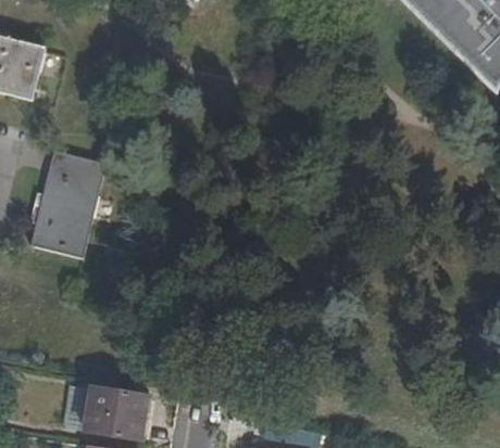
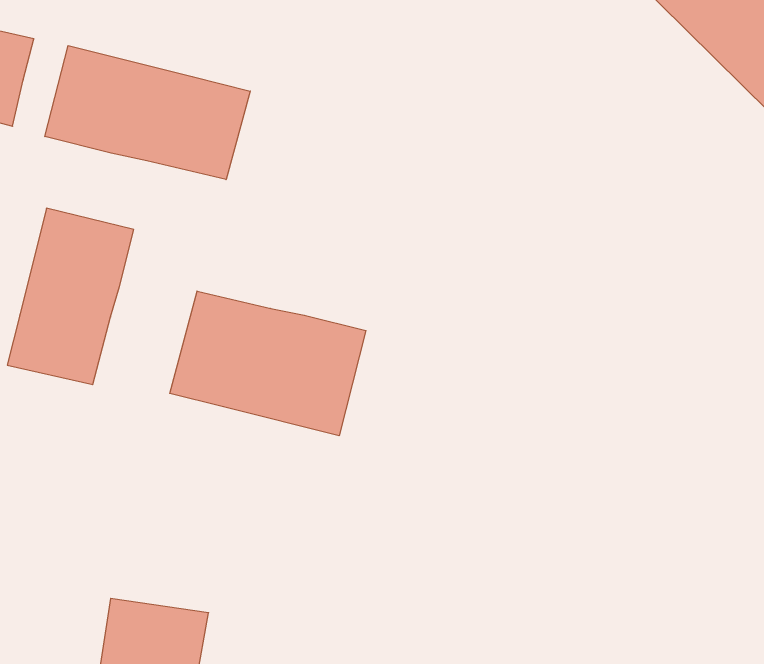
building: none -> [45,46,250,180]
building: none -> [170,291,366,436]

